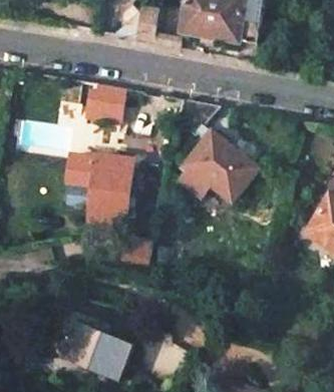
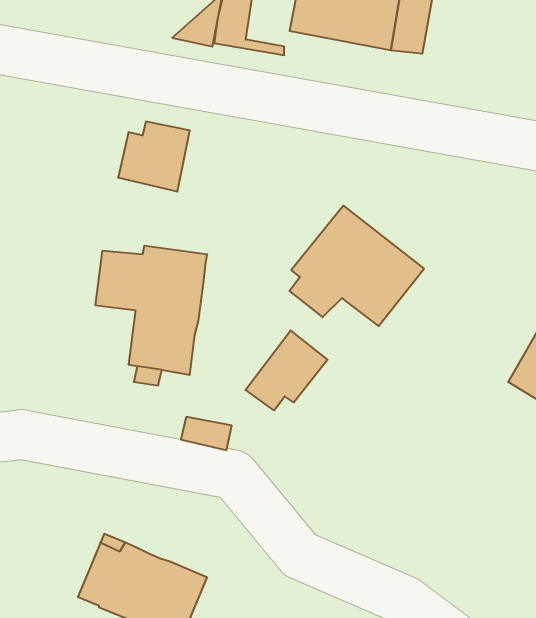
building: none -> [245,330,328,410]

